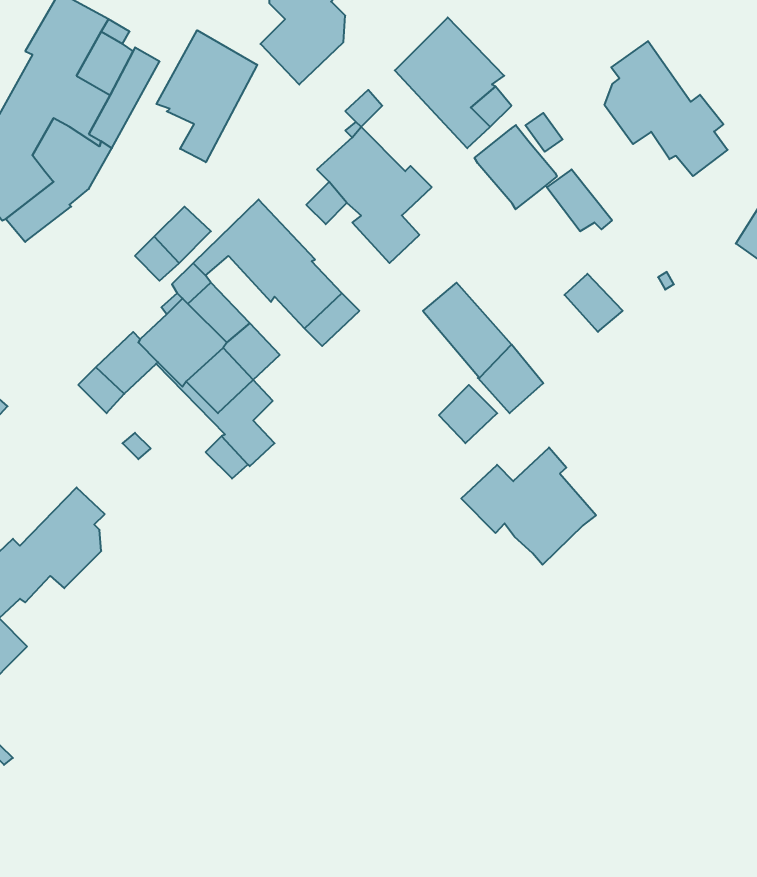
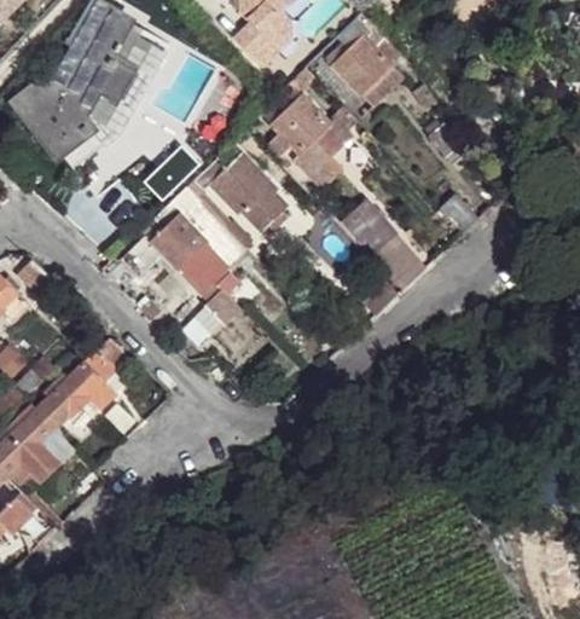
building: [156,30,257,162] -> none
building: [605,41,728,176] -> none
building: [475,125,557,209] -> none
building: [461,447,596,565] -> none

